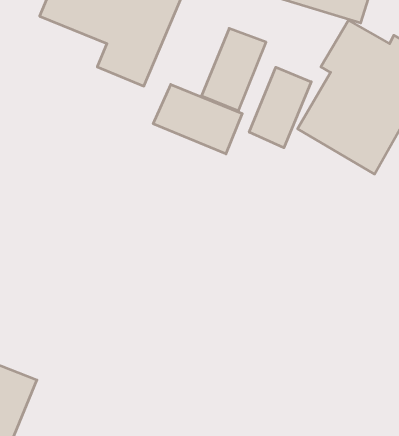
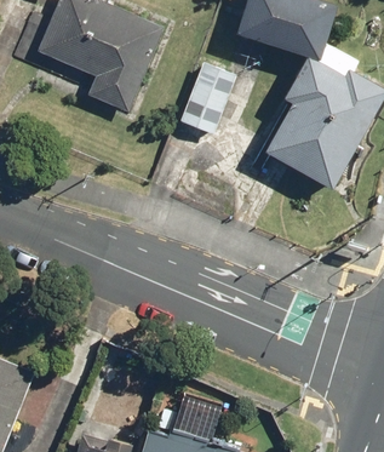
building: [249,67,311,148] -> none
building: [153,84,242,154] -> none

